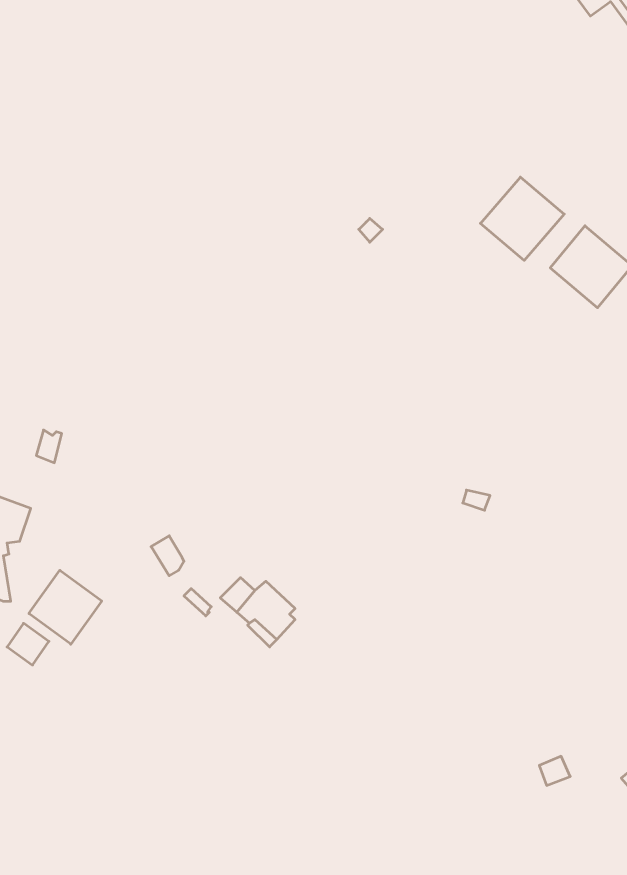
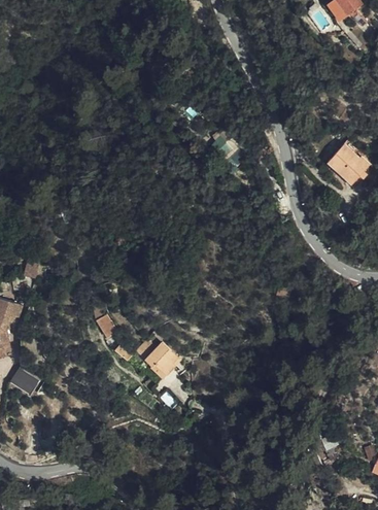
building: [480,177,564,260] -> none
building: [29,570,102,644] -> none

